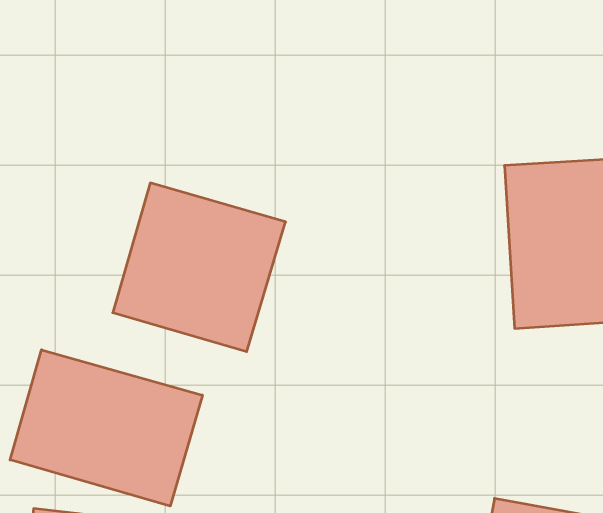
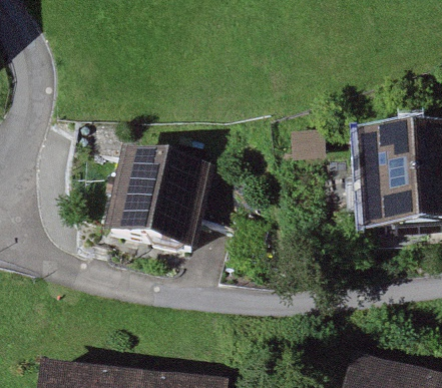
building: [10,350,202,506] -> none

